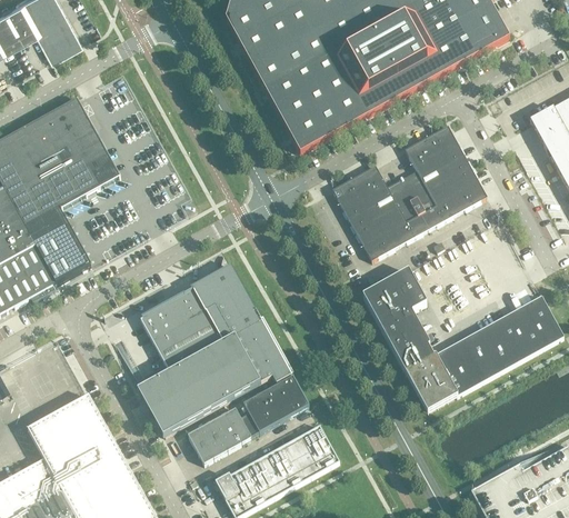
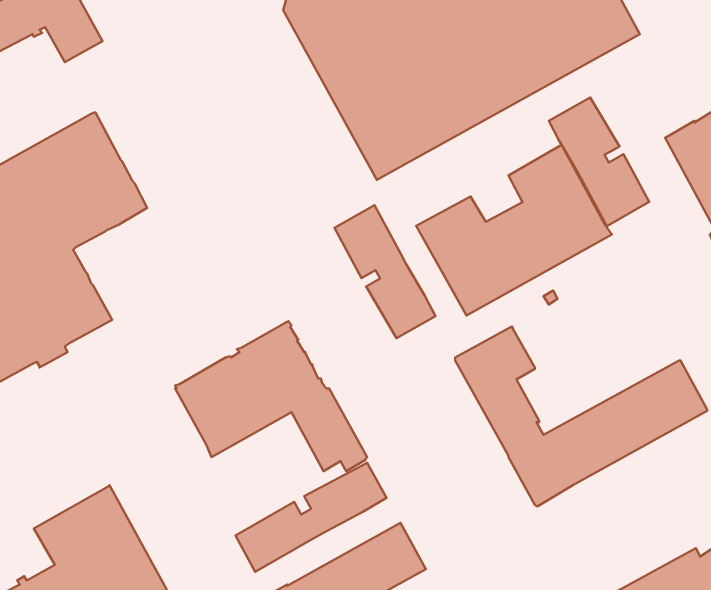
building: none -> [549,98,649,226]
building: none -> [335,205,436,338]
building: [133,337,260,436] -> none

